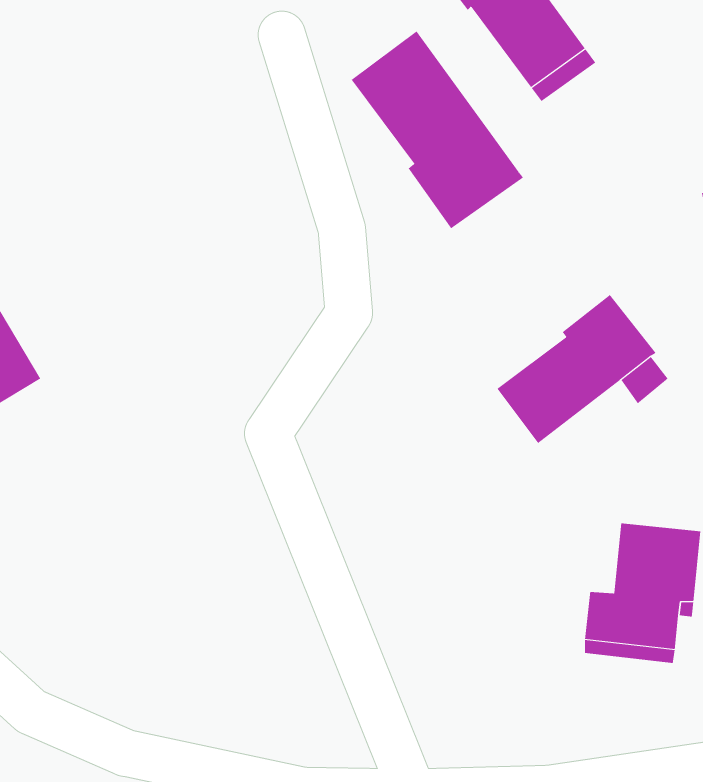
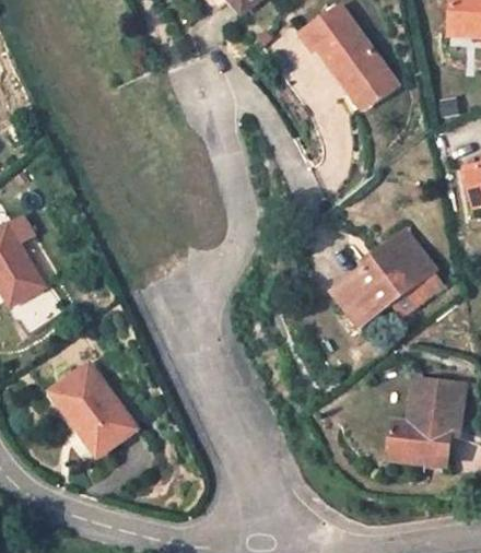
building: [351,31,524,229] -> none
building: none -> [51,364,134,454]

